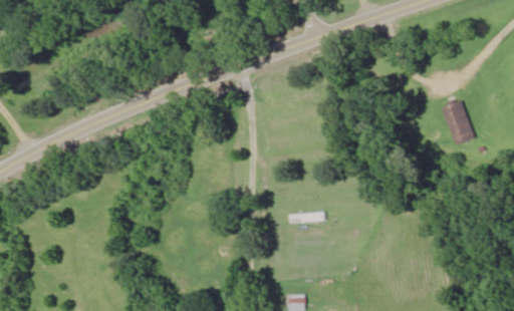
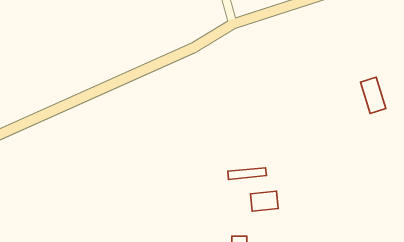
building: none -> [250,191,278,211]

